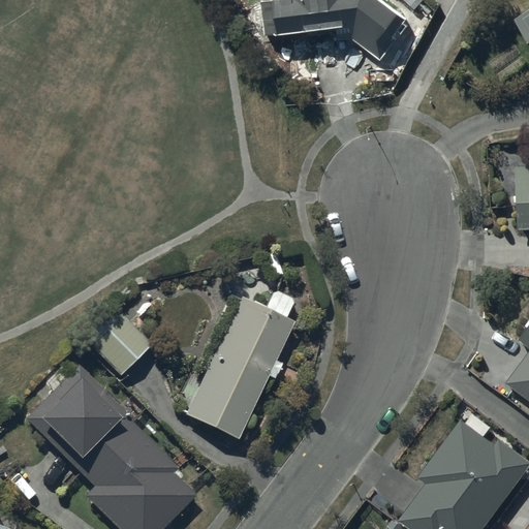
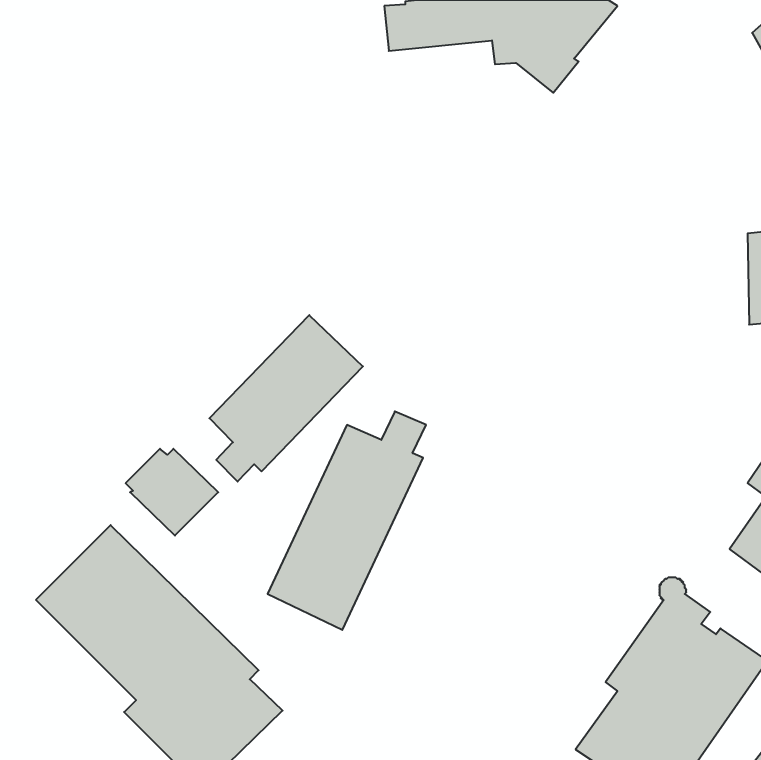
building: none -> [209,315,363,482]

